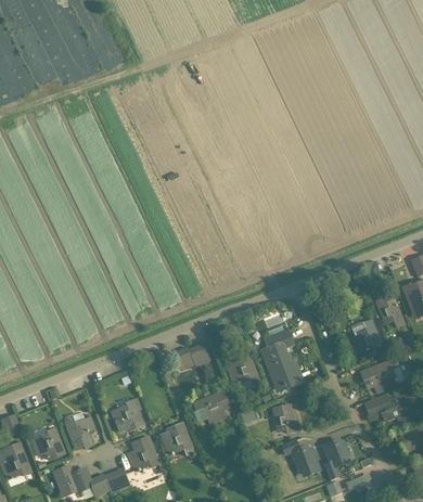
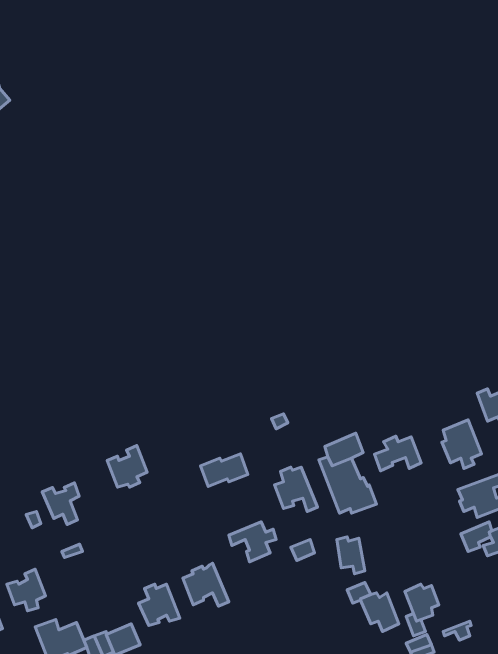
building: none -> [375,436,421,471]
building: [113,400,142,430] -> [107,446,147,487]
building: [65,417,92,448] -> [42,483,79,524]

